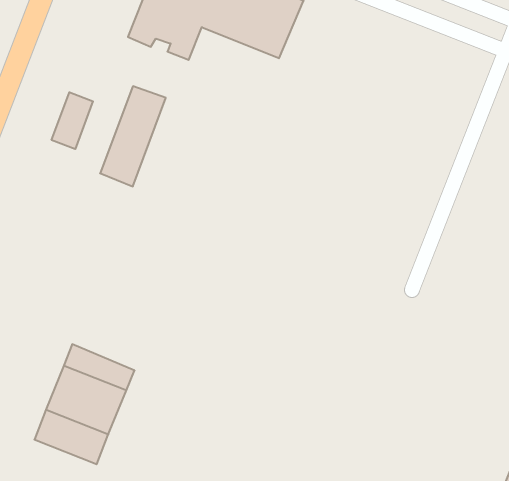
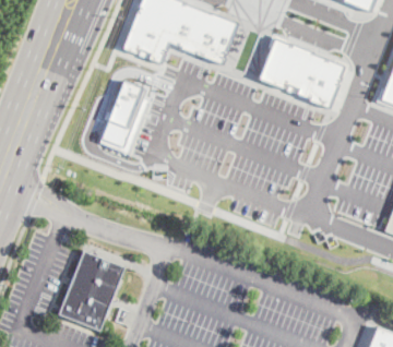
building: none -> [257,39,344,107]
building: [52,92,93,149] -> none

